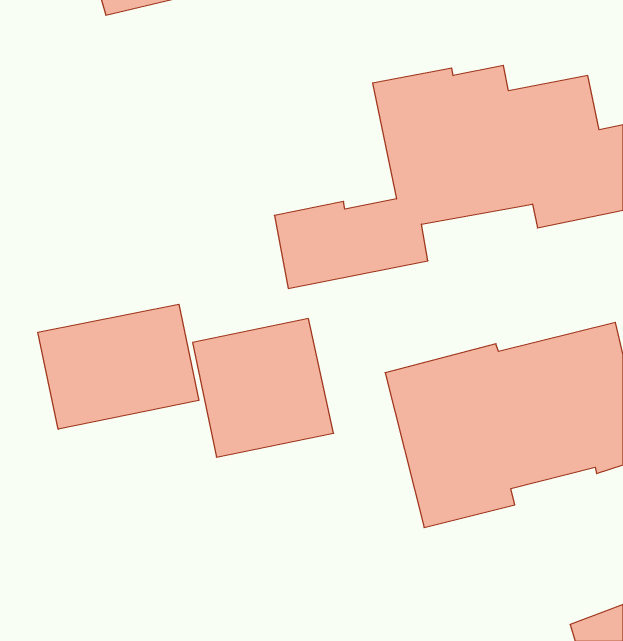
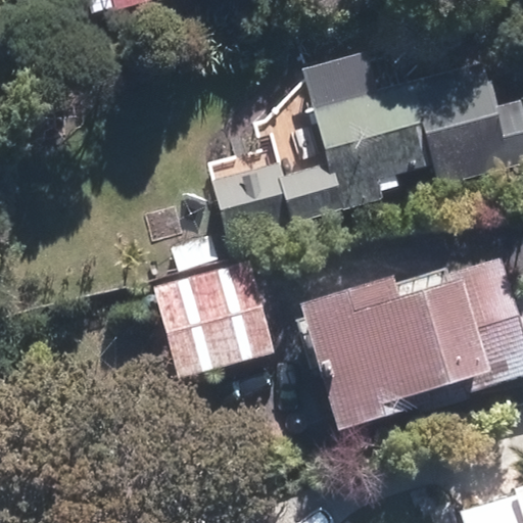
building: [38,304,199,429] -> none

